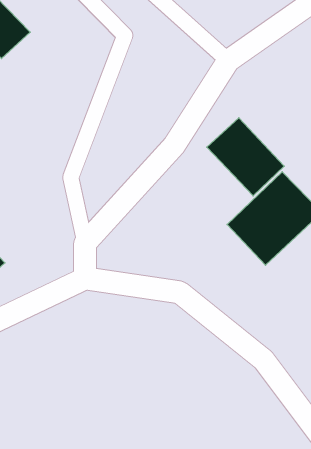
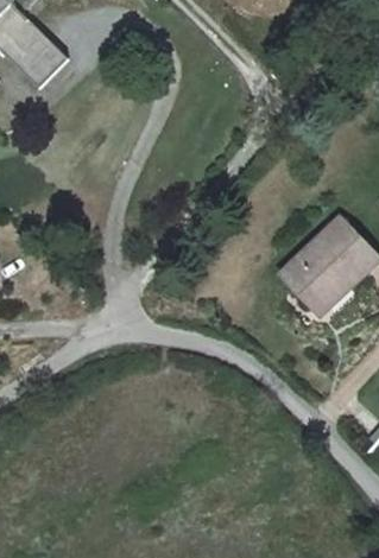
building: [207,118,284,196] -> none

